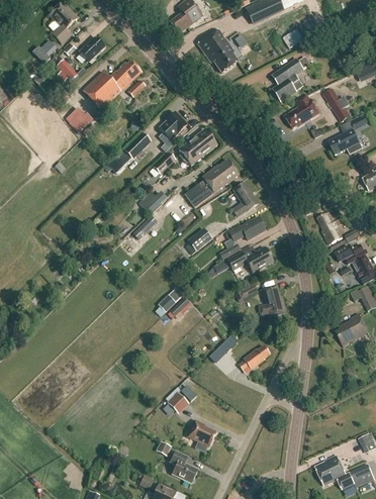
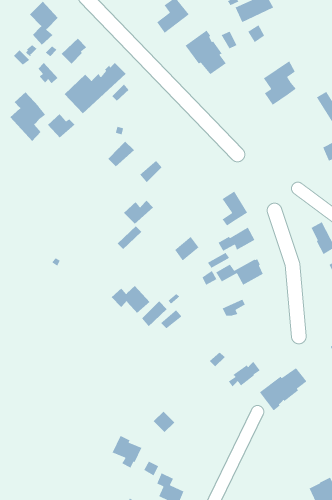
building: none -> [9,92,46,142]
building: [284,93,319,128] -> none
building: [159,111,187,139] -> none
building: [179,129,216,165] -> none
building: [183,160,239,206] -> none
building: none -> [111,285,151,314]
building: [258,285,286,316] -> none
building: none -> [259,367,308,411]
building: [186,419,215,452] -> [112,435,142,469]

